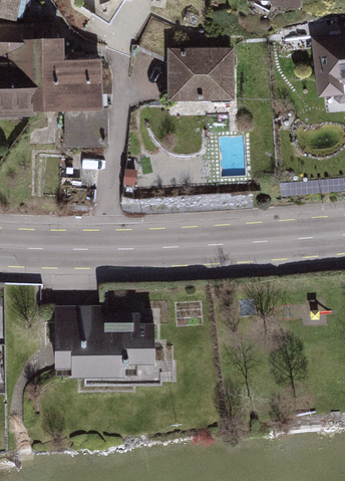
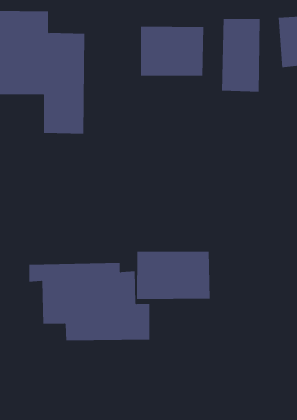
building: none -> [221,18,260,92]
building: none -> [137,251,210,300]

